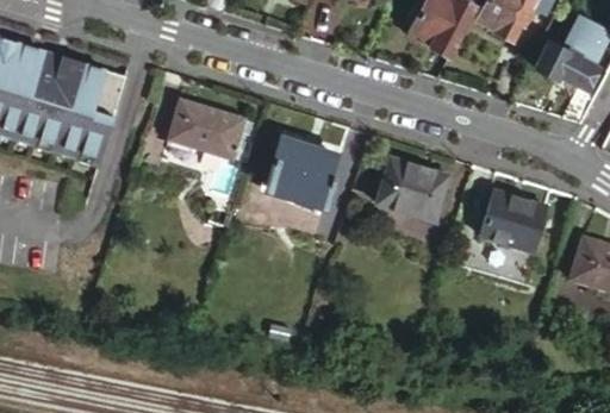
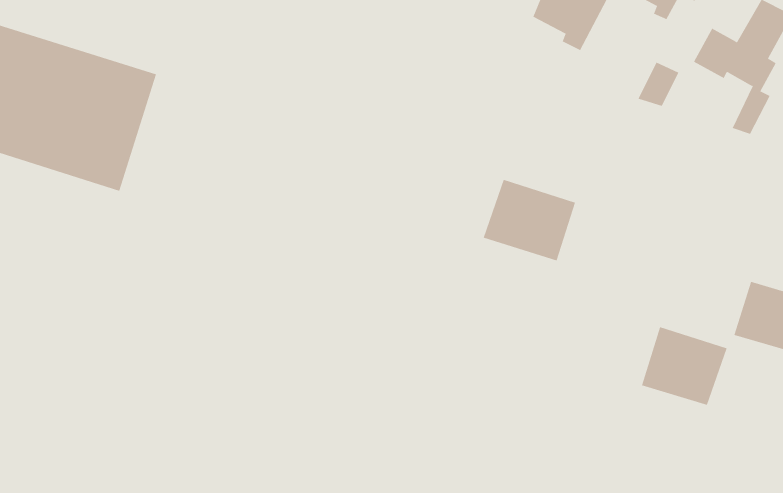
building: [166,98,242,158] -> none
building: [264,137,331,205] -> none
building: [478,190,544,251] -> [641,327,728,405]

